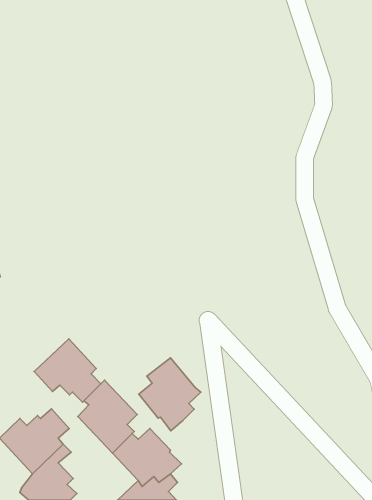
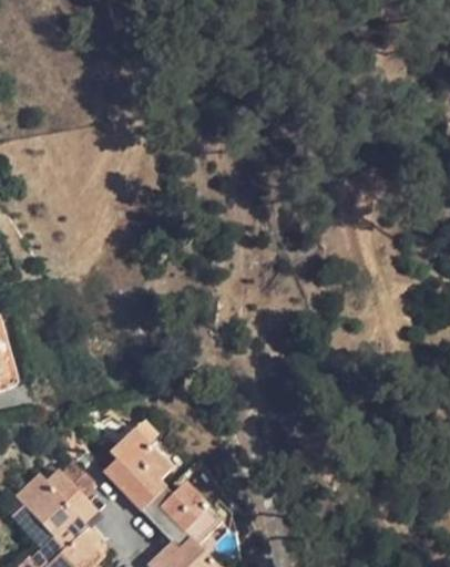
building: [34,339,101,402] -> none
building: [139,358,201,431] -> none

